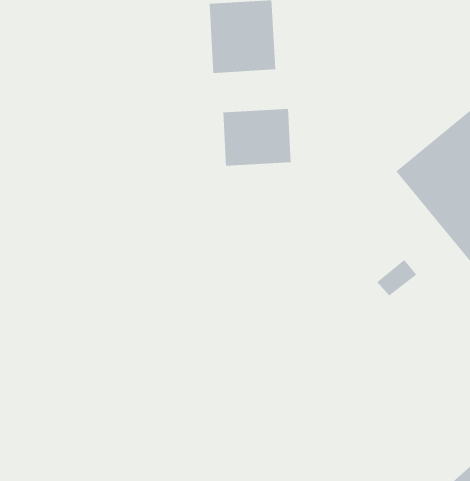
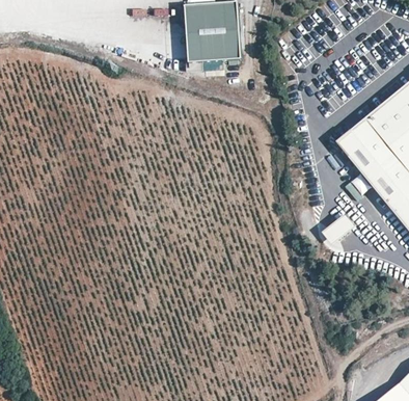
building: [223,108,291,166] -> none

